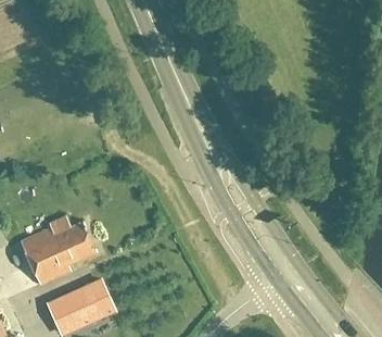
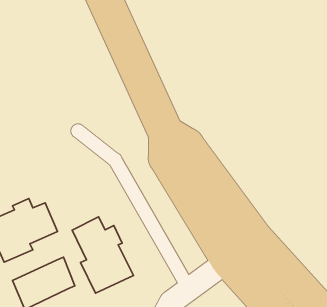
building: none -> [72,217,133,293]

